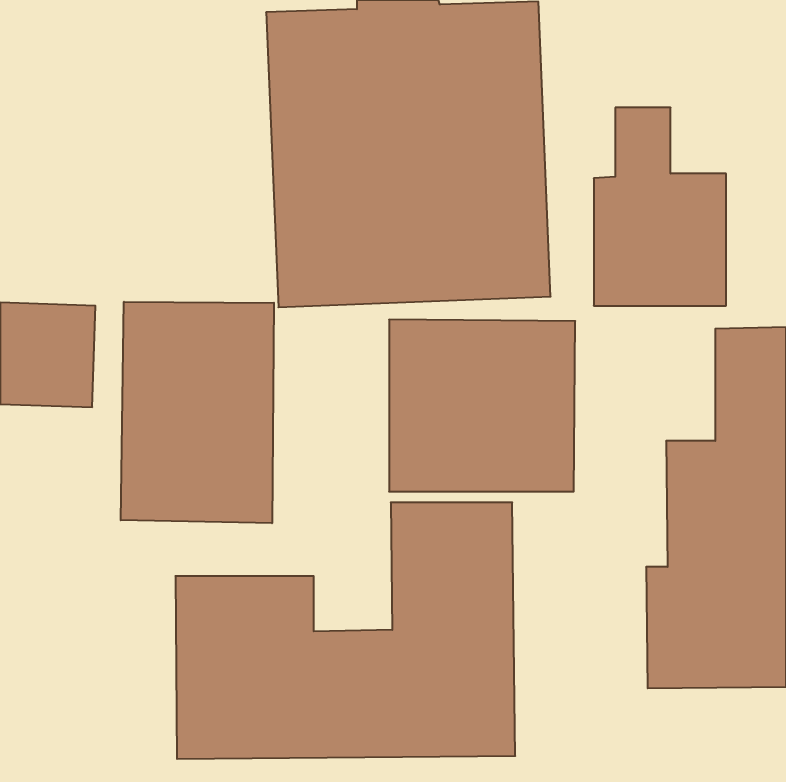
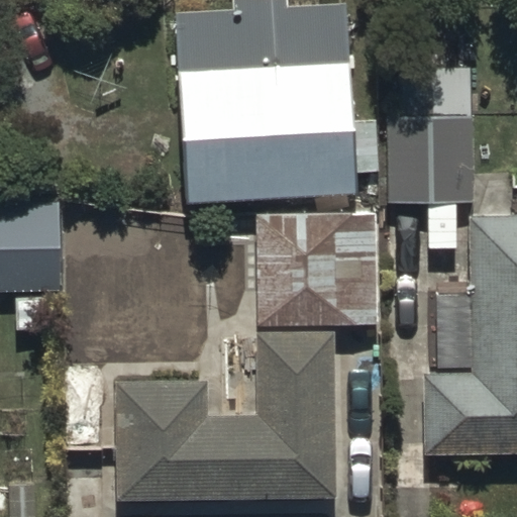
building: [121,302,274,523] -> none

